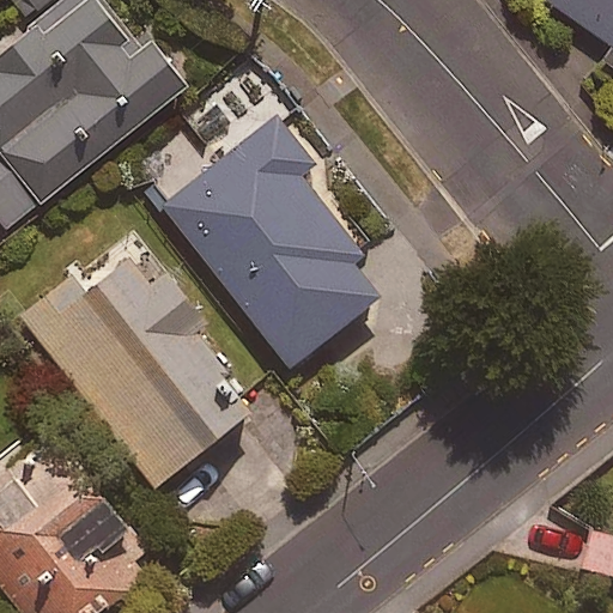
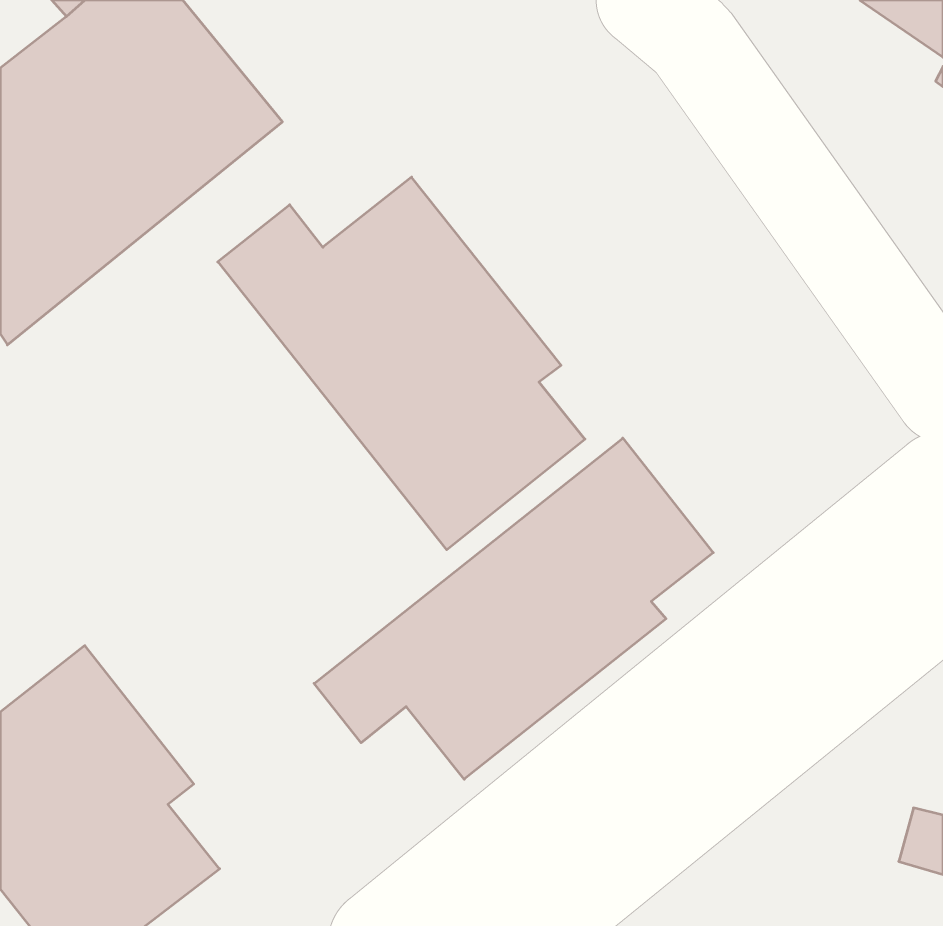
building: [22,238,253,485] -> none
building: none -> [314,438,713,779]

